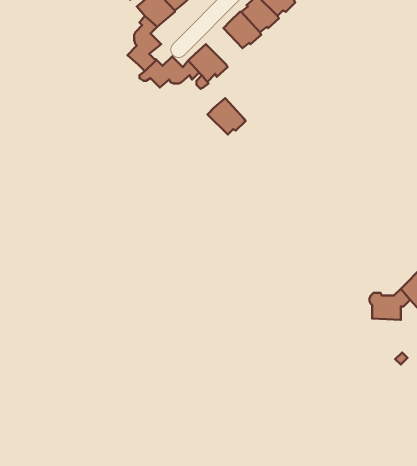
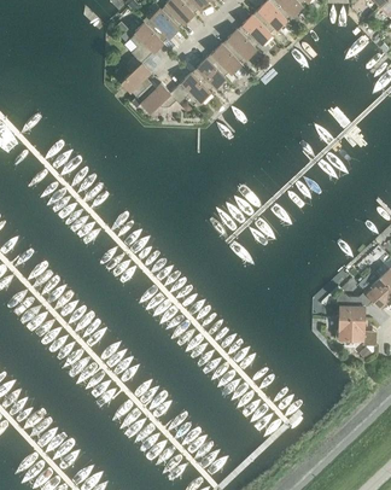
building: [207,98,245,135] -> [192,57,226,89]
building: none -> [337,316,366,340]

